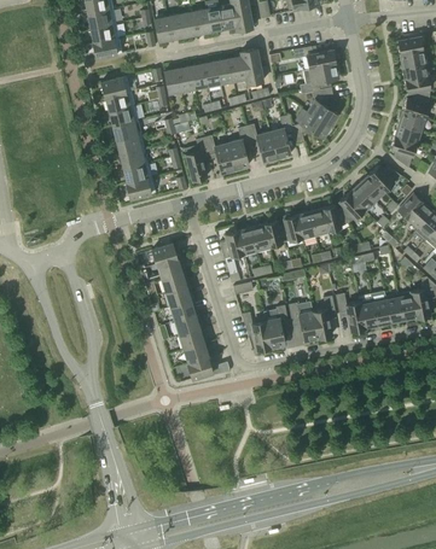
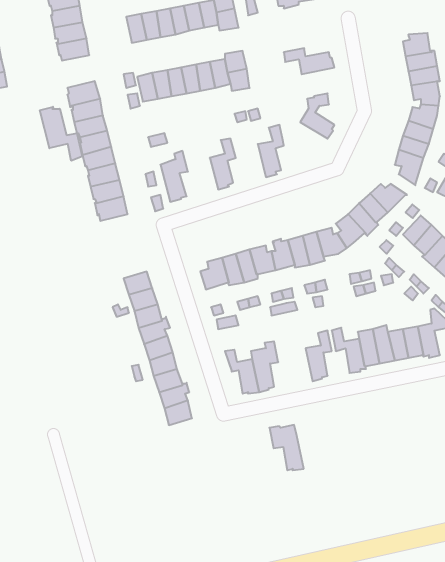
building: [300,63,338,93] -> none
building: none -> [40,107,82,161]
building: [291,111,331,144] -> none
building: [245,123,277,162] -> none
building: [203,134,234,173] -> none
building: [287,300,318,340] -> [269,425,304,470]

